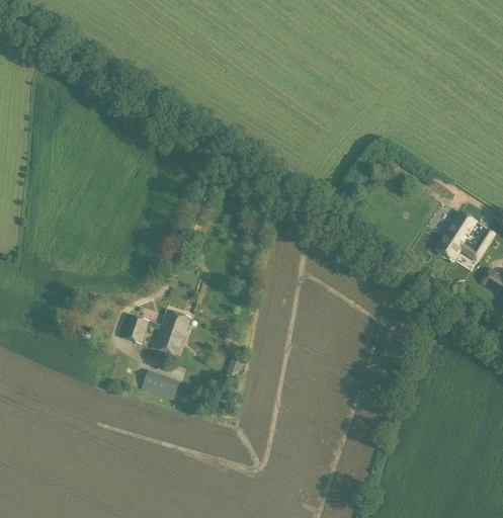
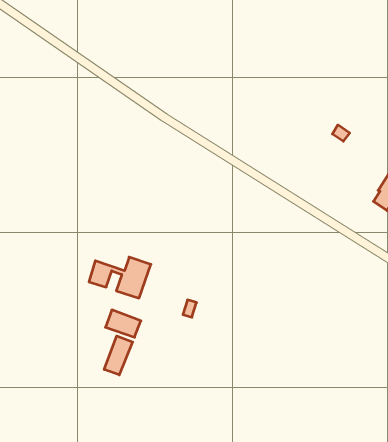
building: none -> [104,336,133,375]

